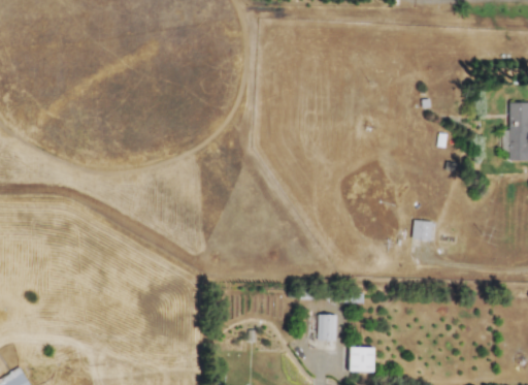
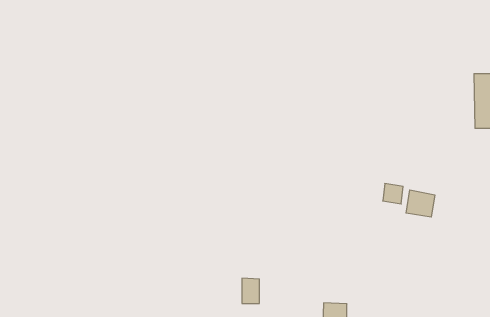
building: none -> [406,190,435,217]
building: [319,315,337,342] -> [242,278,259,303]

